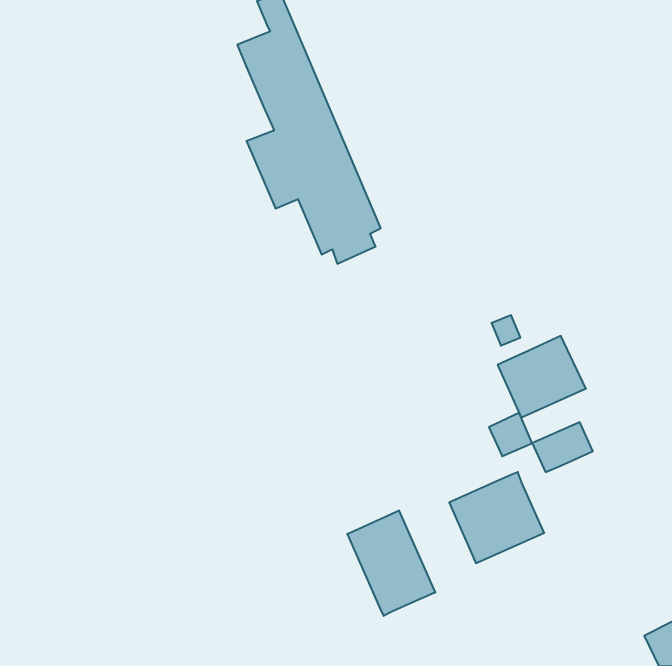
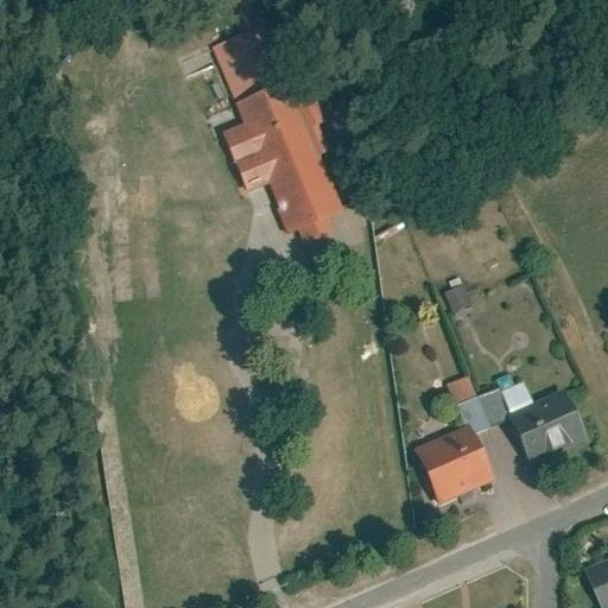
building: [498,336,586,418] -> [507,393,587,467]
building: none -> [454,399,493,435]
building: [347,510,435,616] -> none

